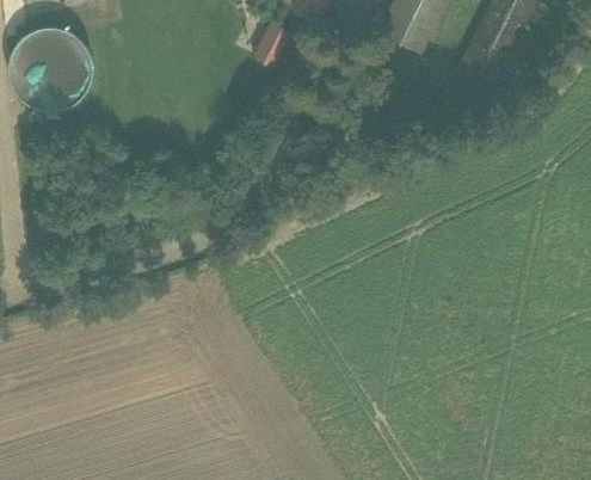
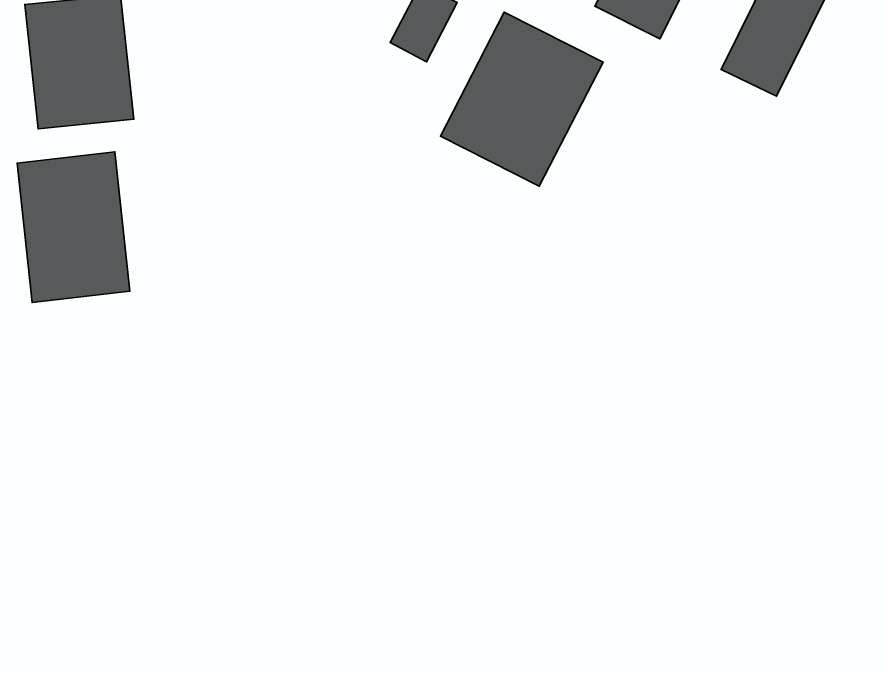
building: none -> [440,12,603,186]
building: none -> [17,152,130,303]

